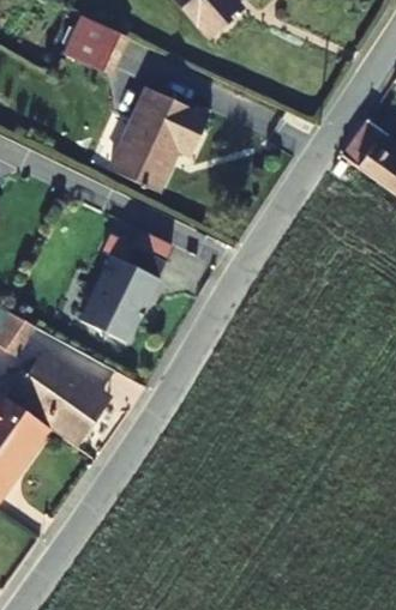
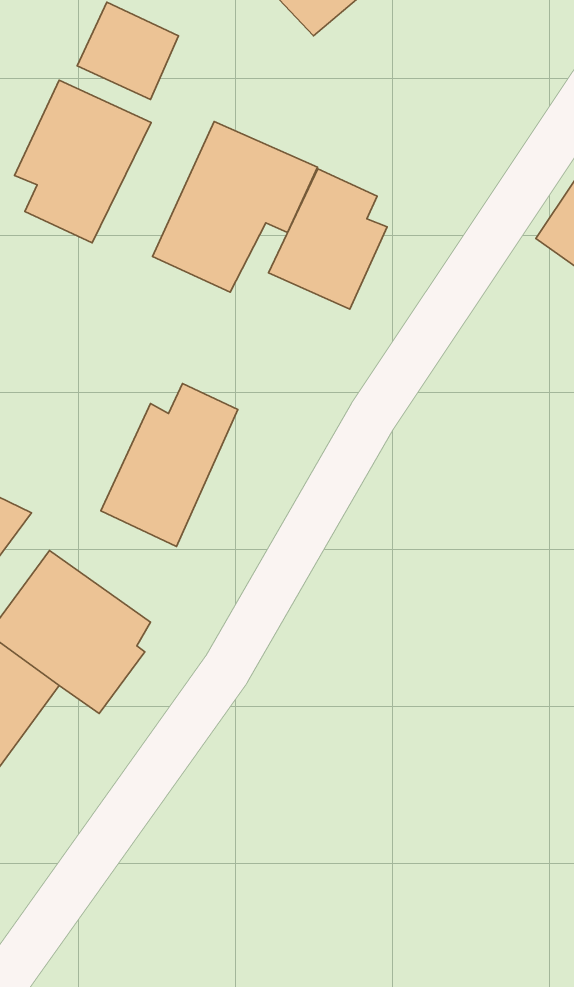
building: none -> [14,80,151,243]
building: none -> [269,169,387,309]

